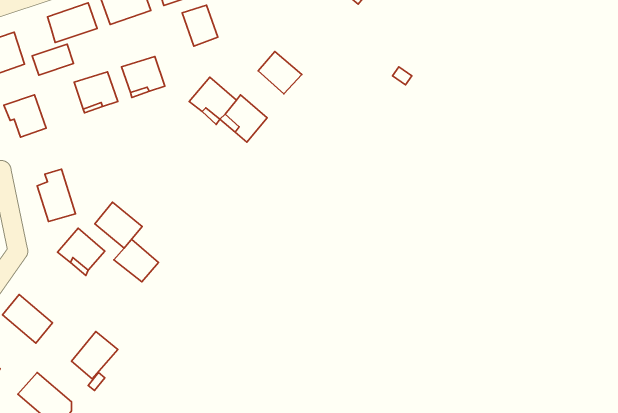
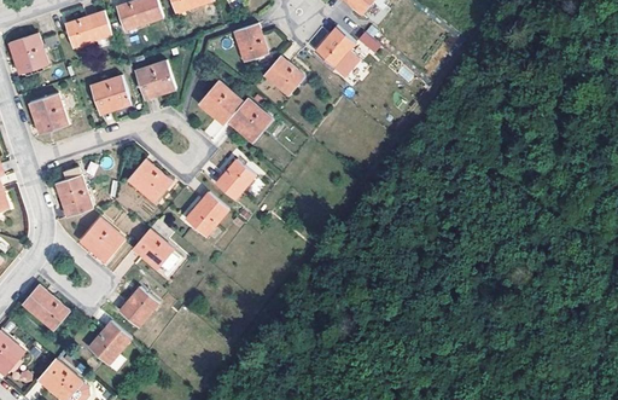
building: [182,5,218,46] -> [232,27,266,65]
building: none -> [315,25,356,66]
building: [32,44,73,75] -> none
building: none -> [216,158,256,198]
building: none -> [186,191,229,236]
building: [95,202,142,248] -> [128,158,173,202]
building: none -> [119,286,159,326]

